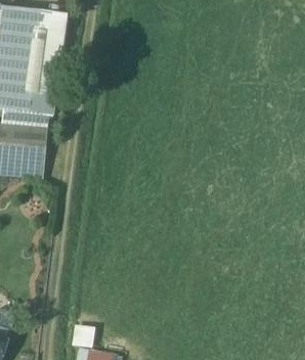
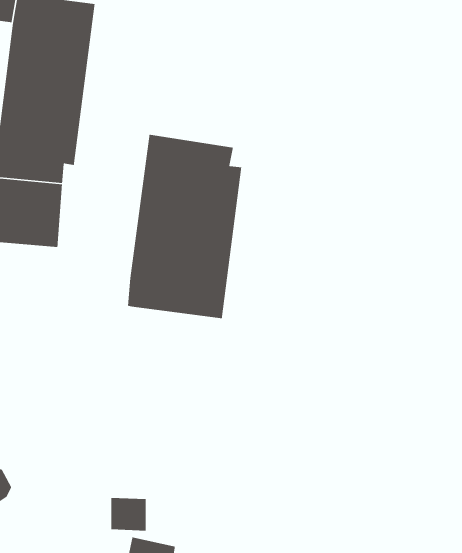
building: none -> [127,134,242,319]

